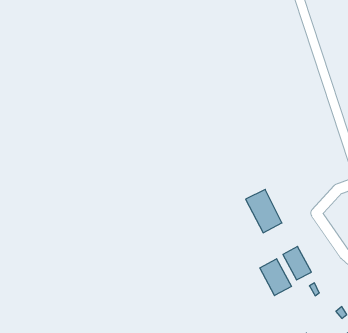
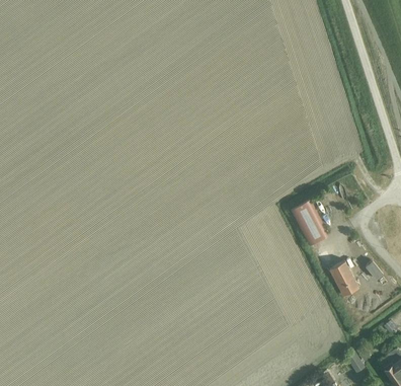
building: [260,259,291,296] -> none

